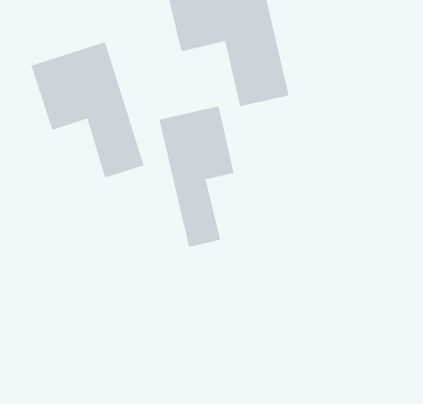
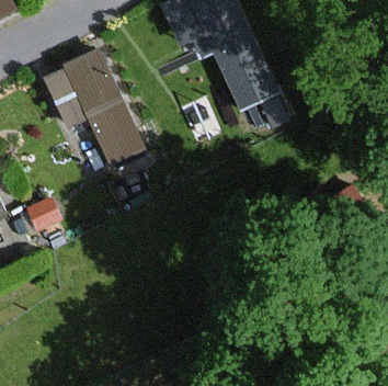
building: [159,106,234,248] -> none

